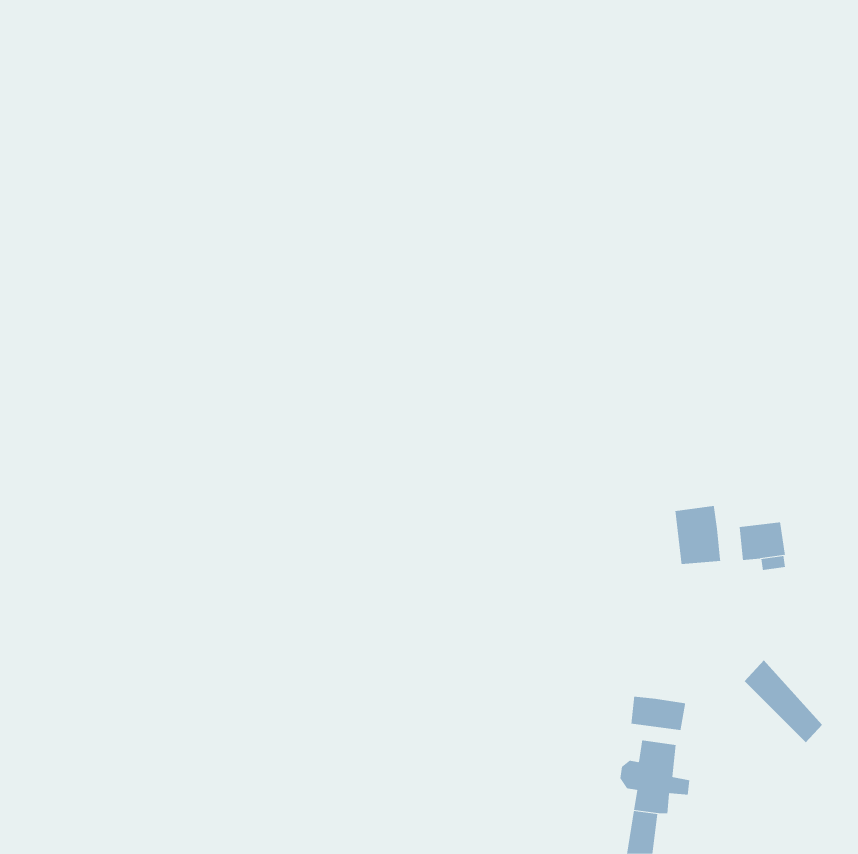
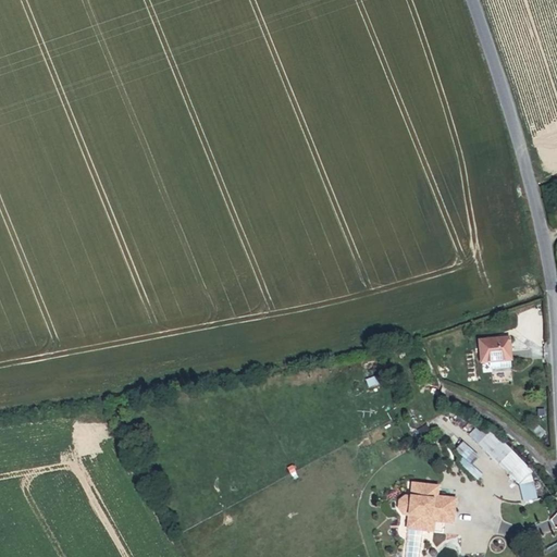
building: [675,505,721,565] -> none
building: [631,696,686,731] -> none

